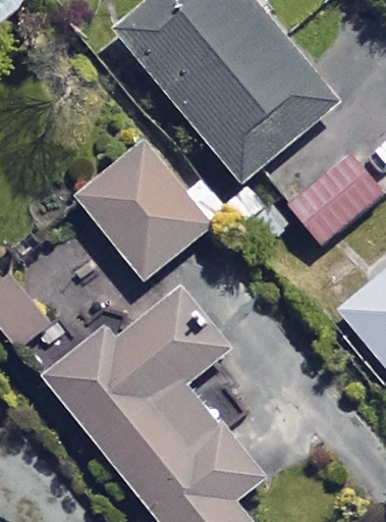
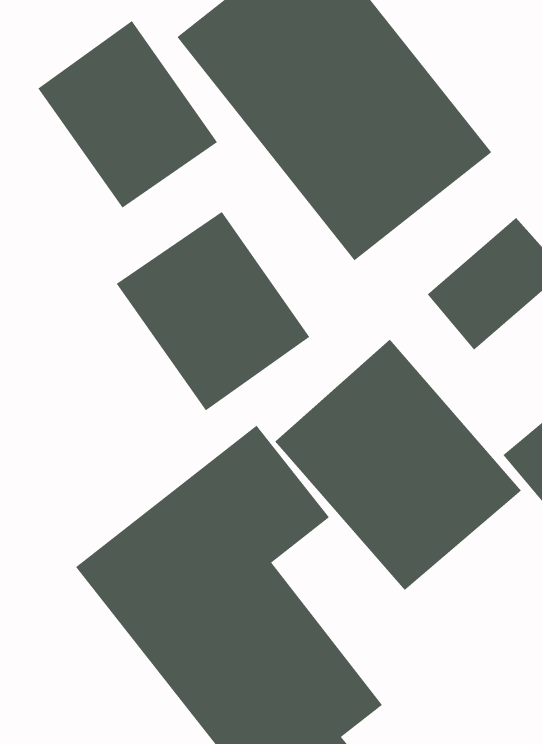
building: none -> [38,20,218,208]
building: none -> [274,339,522,591]

